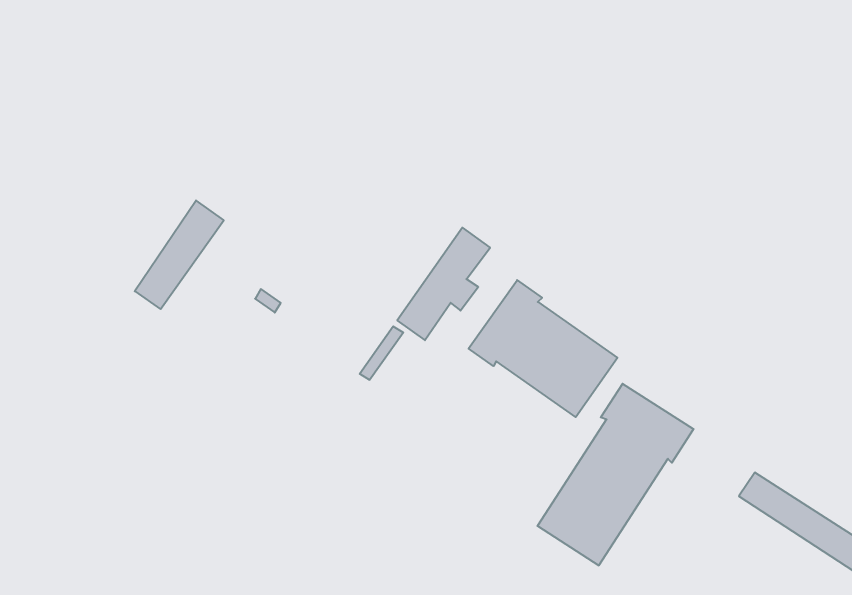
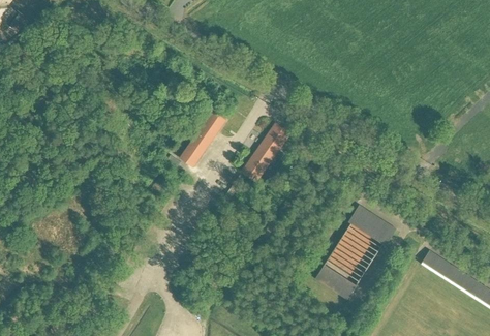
building: [135,200,224,309] -> [180,110,226,166]
building: [469,280,617,417] -> none

